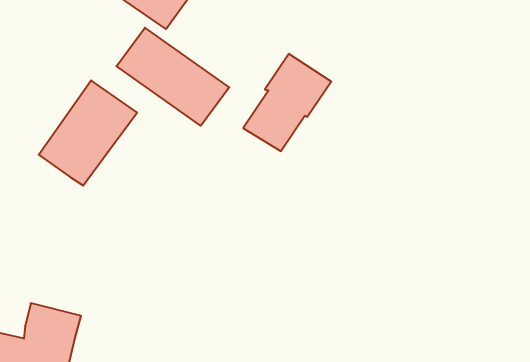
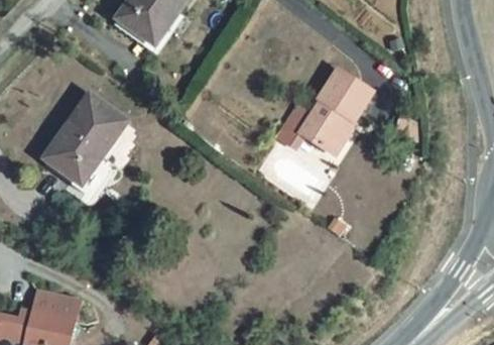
building: [116,28,229,126] -> none
building: [243,54,331,151] -> [296,68,374,153]

